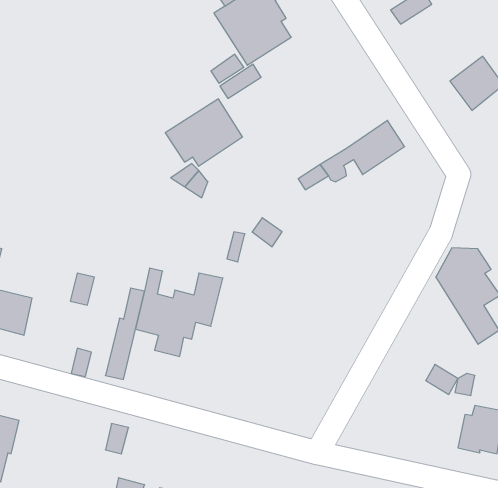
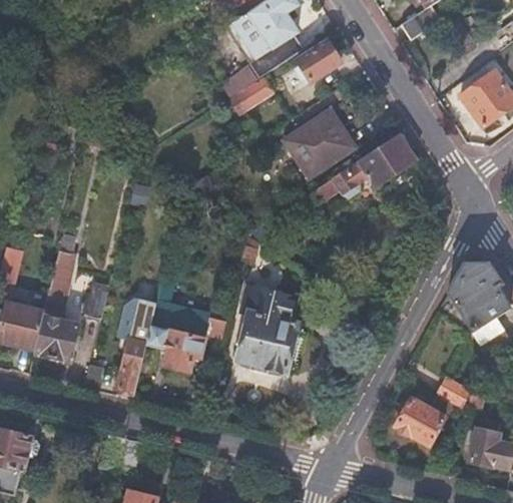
building: none -> [298,43,341,83]
building: [165,99,243,166] -> [276,111,353,178]
building: none -> [35,240,80,361]
building: none -> [238,282,297,371]
building: none -> [395,397,444,445]

